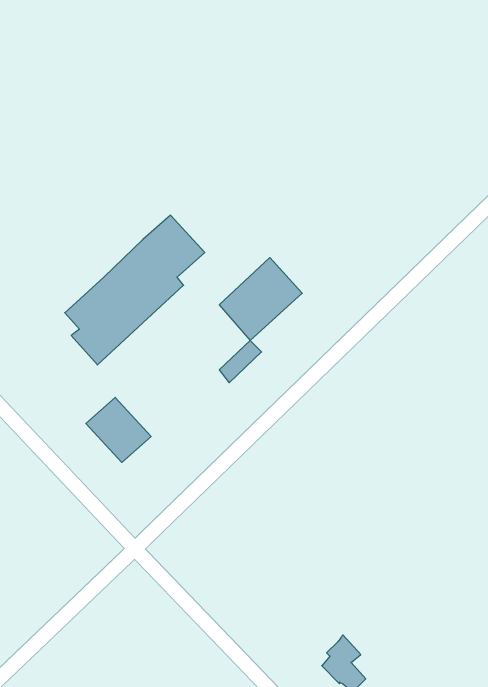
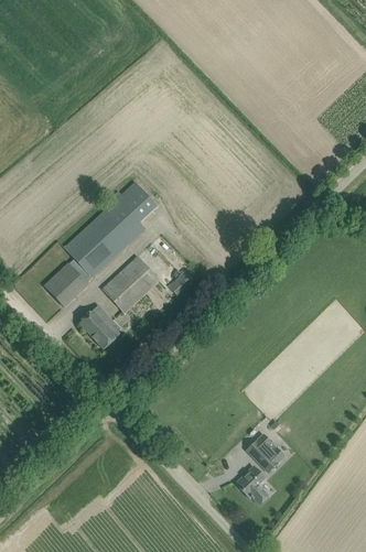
building: [219,258,302,340] -> [103,256,159,312]
building: none -> [44,262,88,306]
building: none -> [246,433,284,472]

